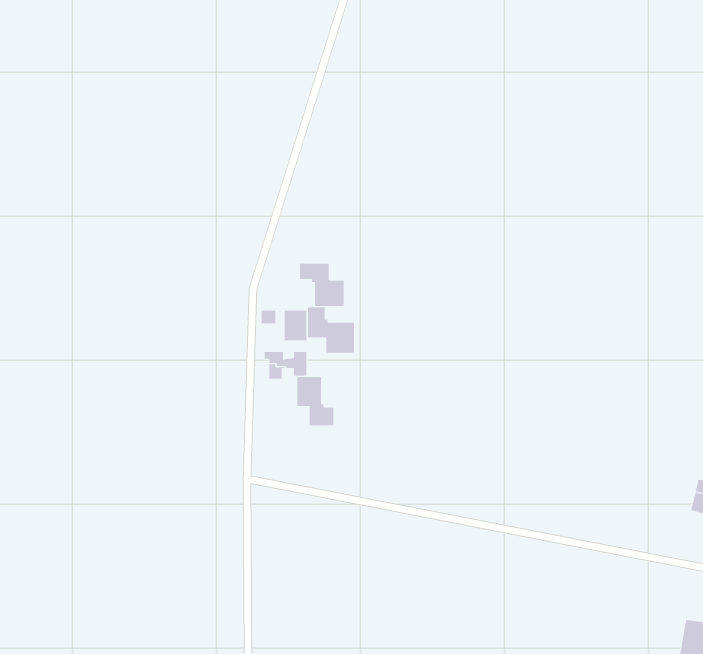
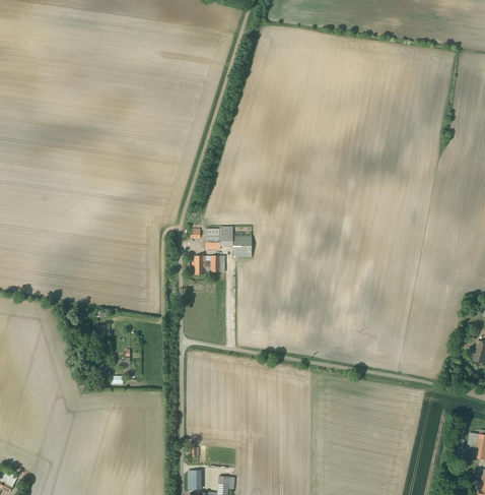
building: [300,263,344,307] -> none
building: [297,376,334,426] -> none

